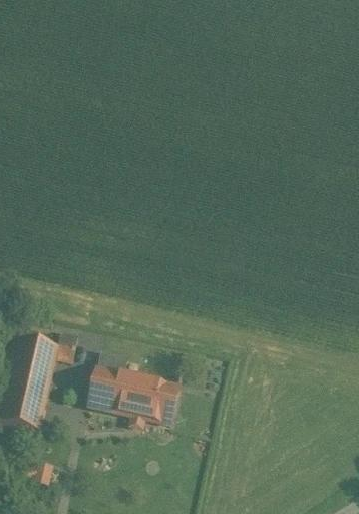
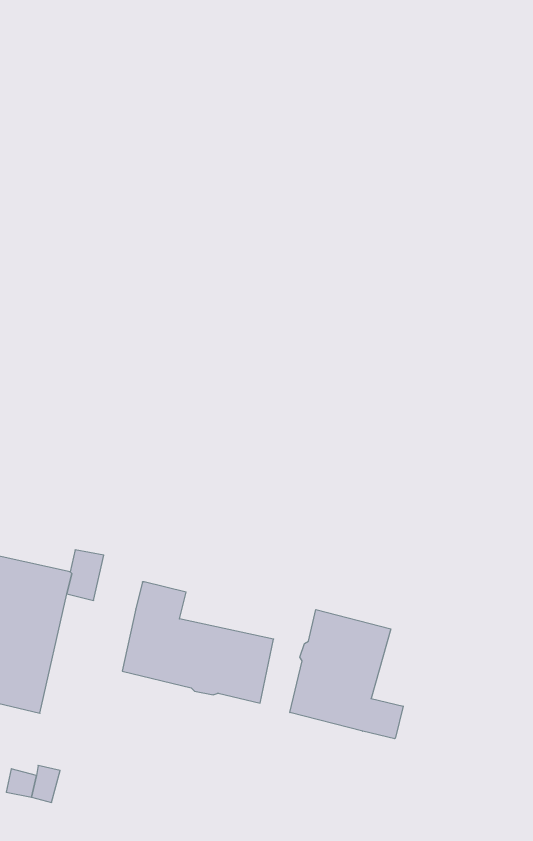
building: none -> [290,610,403,739]

